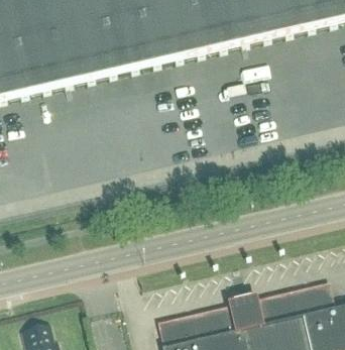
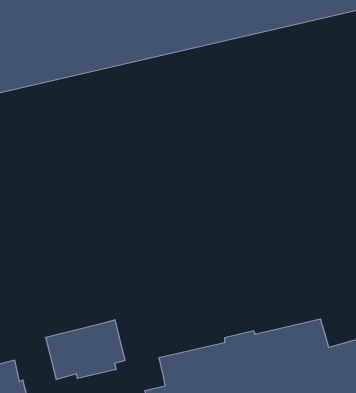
building: none -> [46,320,125,380]

